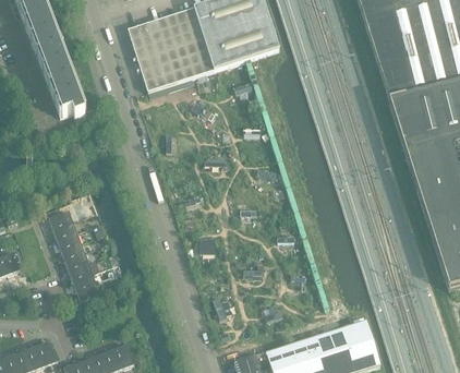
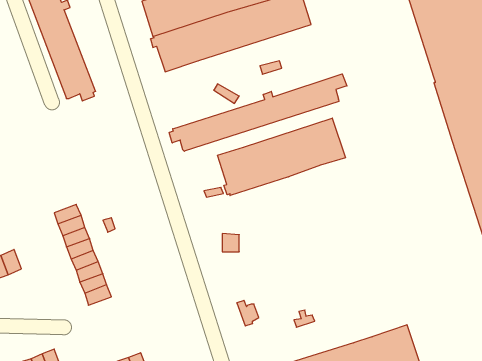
building: none -> [169,74,347,151]
building: none -> [218,118,346,196]

